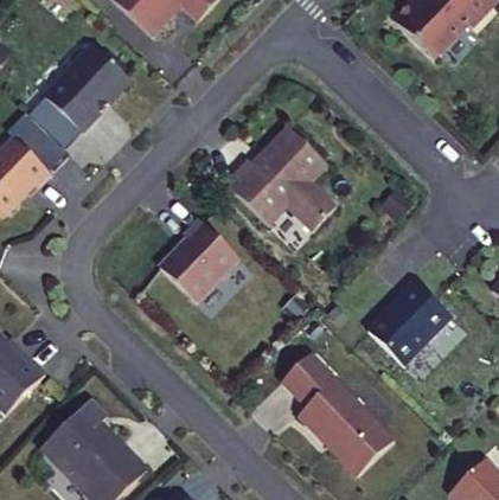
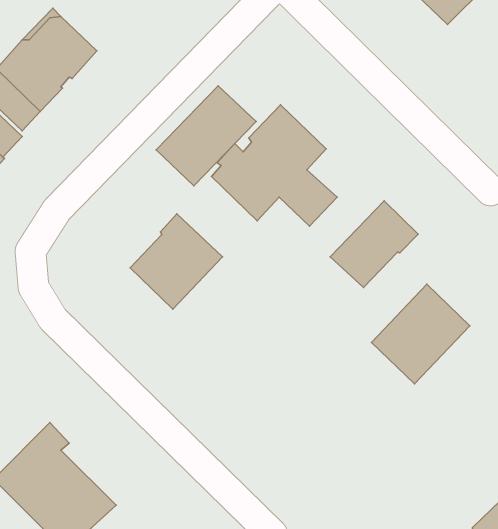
building: none -> [156,86,256,186]
building: none -> [330,201,418,288]
building: [281,352,394,475] -> none

